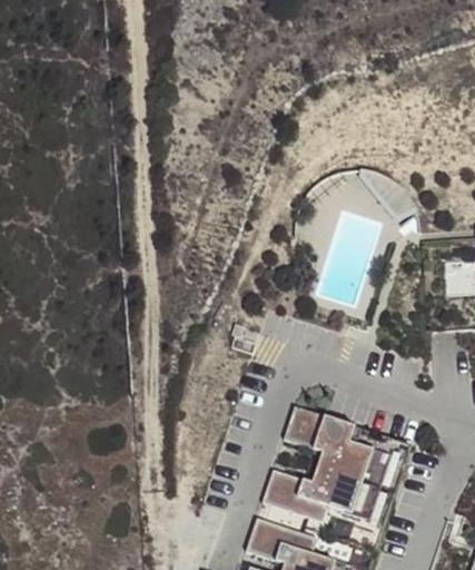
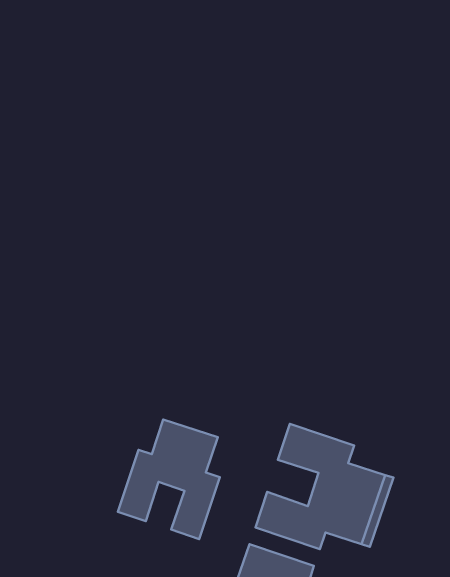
building: none -> [118,420,220,539]

